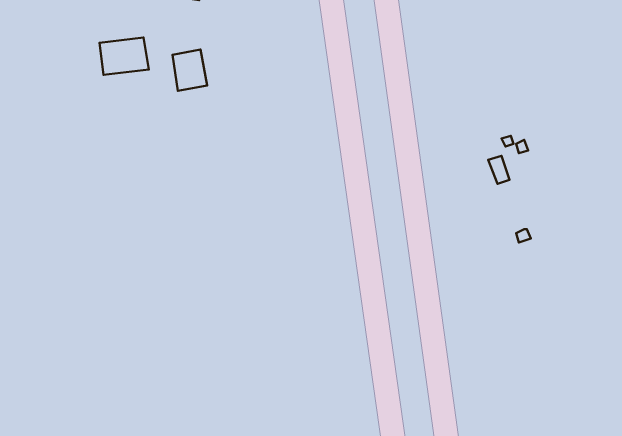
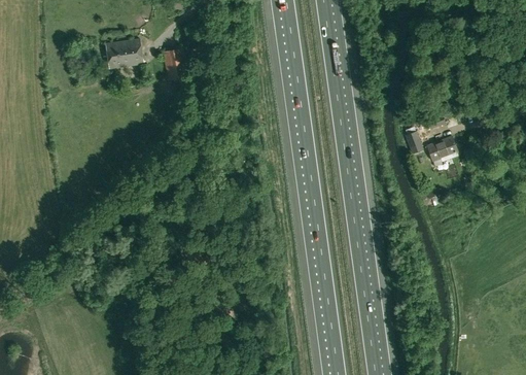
building: none -> [426,135,457,160]

